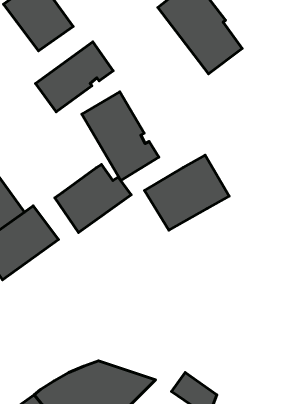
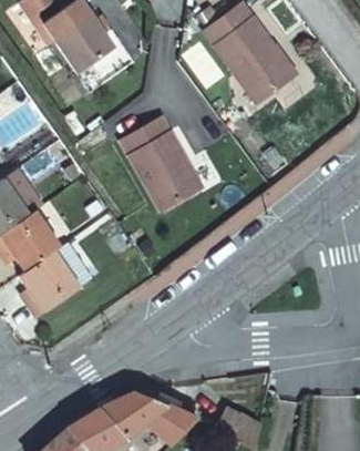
building: [35,42,113,112] -> none
building: [144,155,229,230] -> none
building: [55,164,131,233] -> none

